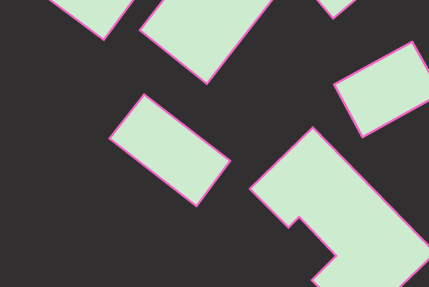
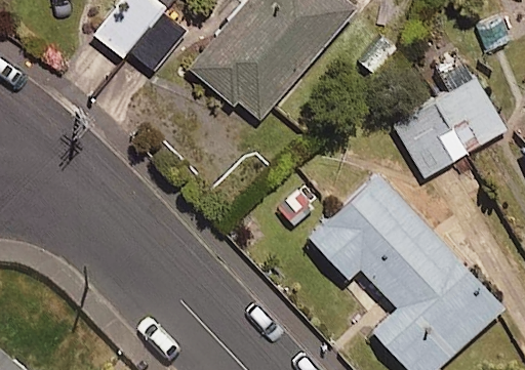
building: [109,95,230,206] -> none

